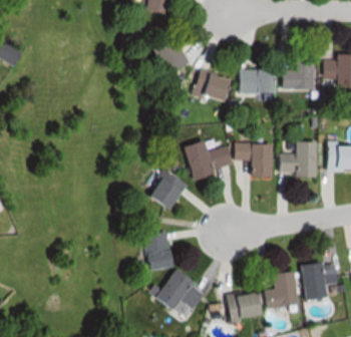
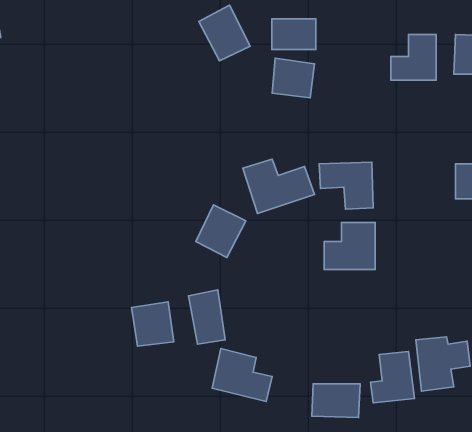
building: [245,70,275,91] -> [272,19,316,50]
building: [280,141,315,174] -> [324,222,375,269]
building: none -> [131,302,174,346]

